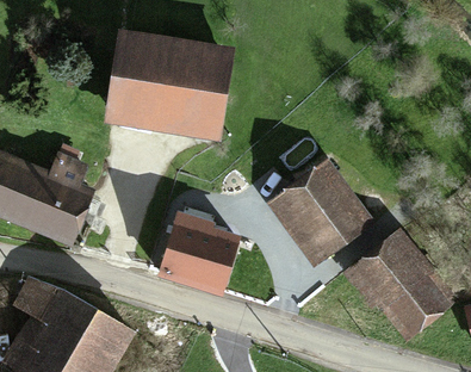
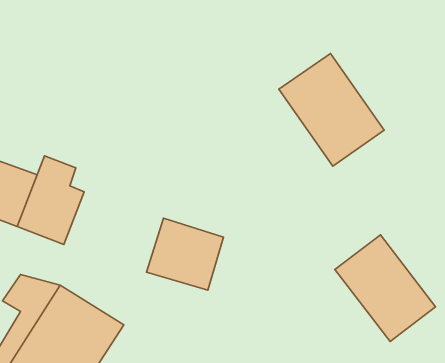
building: [110,44,230,128] -> none
building: [266,161,371,273] -> [279,53,384,166]

